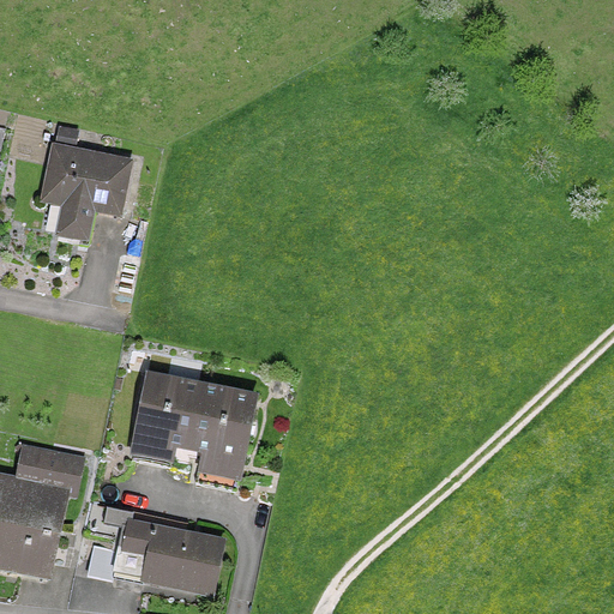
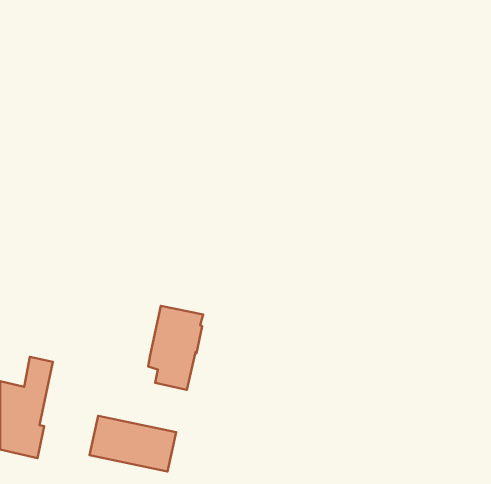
building: [43,143,128,240] -> none
building: [131,371,201,462] -> none

